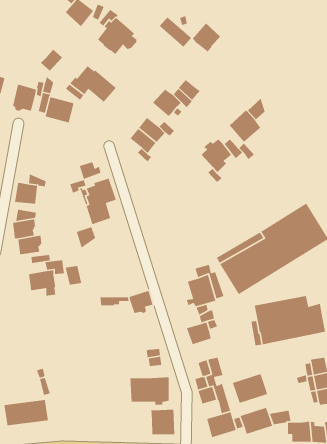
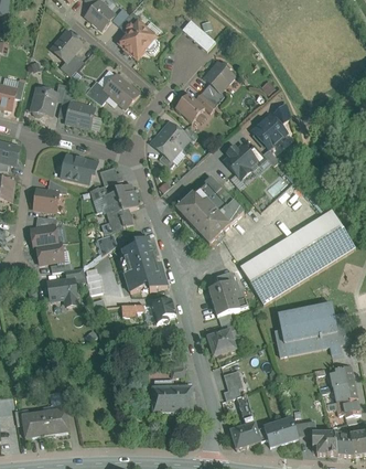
building: [192,22,221,53] -> [203,61,233,92]
building: none -> [53,30,82,61]
building: none -> [60,154,97,183]
building: none -> [175,175,243,244]
building: none -> [121,238,166,291]
building: [232,373,268,404] -> none
building: [151,409,175,435] -> none

